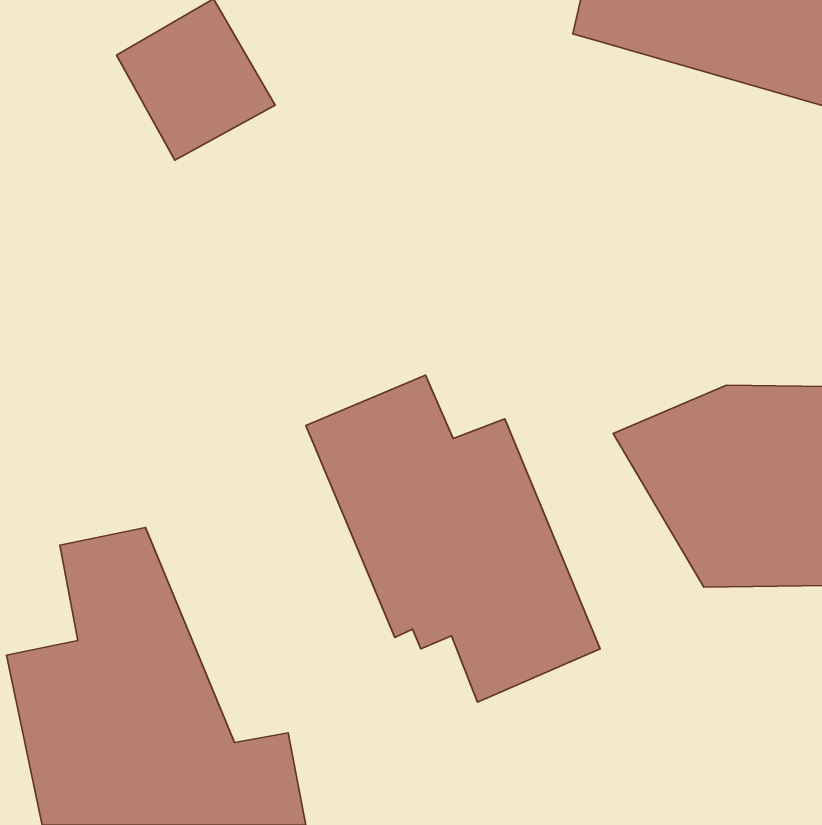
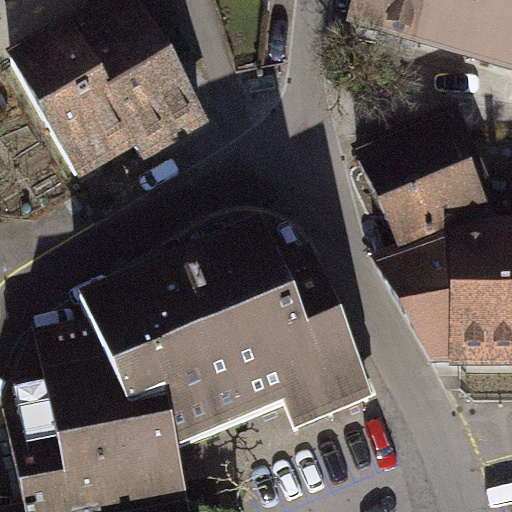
building: none -> [17,32,206,176]
building: none -> [363,132,490,254]
building: none -> [85,263,247,459]

